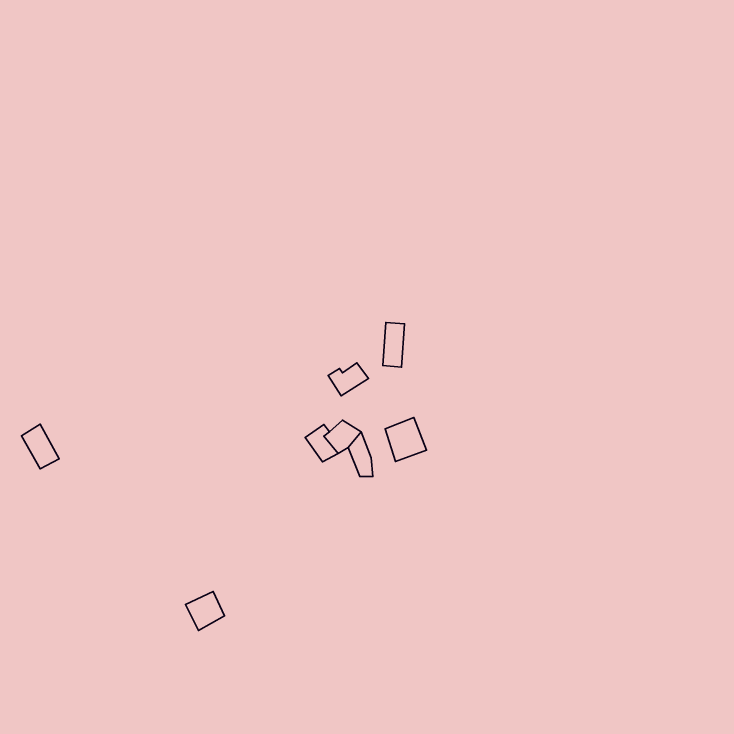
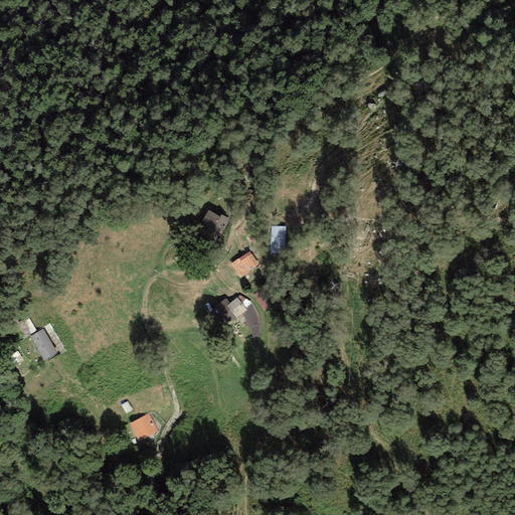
building: none -> [201,210,230,237]
building: [385,417,427,461] -> none
building: [22,424,59,469] -> [29,329,55,360]

